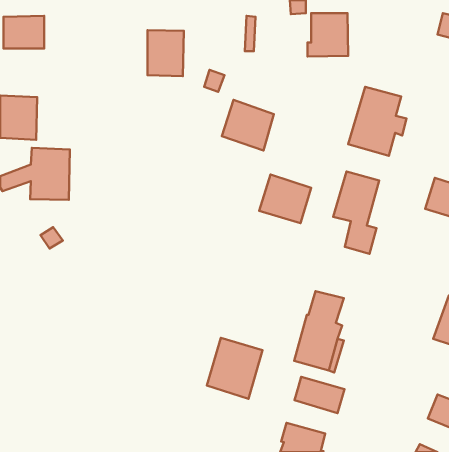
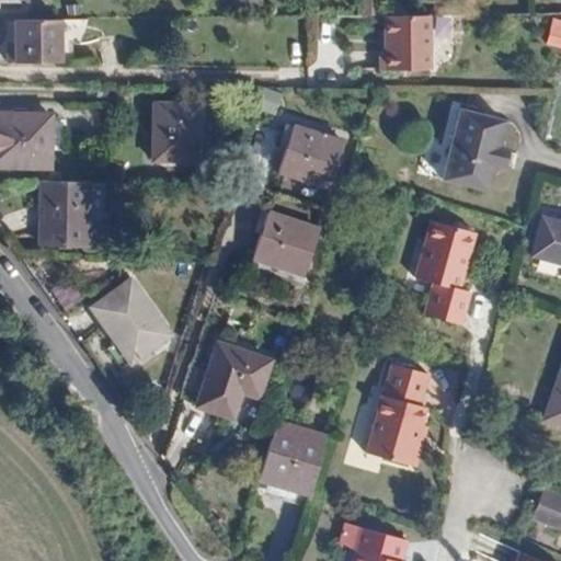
building: [148,30,184,76] -> [154,108,199,165]
building: [259,175,311,223] -> [253,213,318,273]
building: none -> [93,283,171,364]
building: none -> [202,345,270,417]
building: [295,377,344,413] -> none

